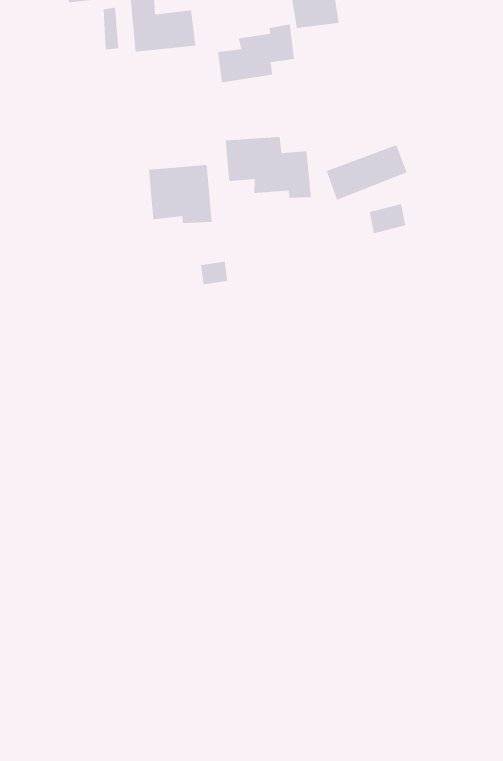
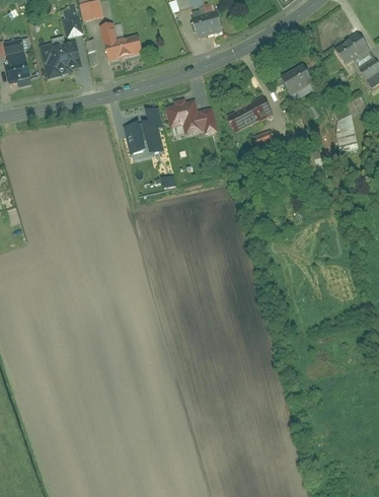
building: none -> [44,43,80,73]
building: [217,24,294,83] -> none
building: none -> [281,65,312,91]

